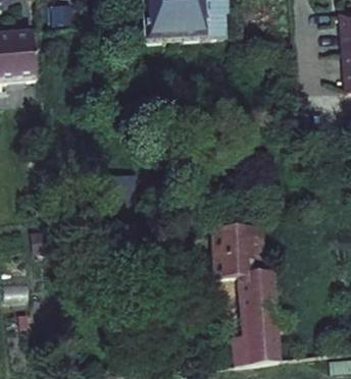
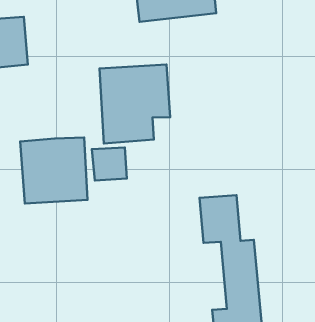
building: none -> [99,65,170,143]
building: none -> [20,138,87,204]

